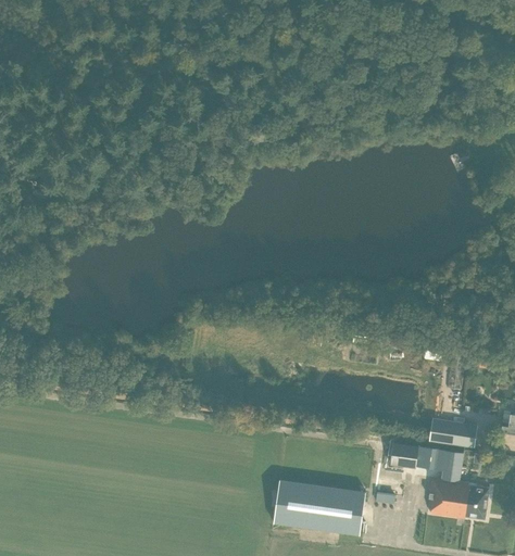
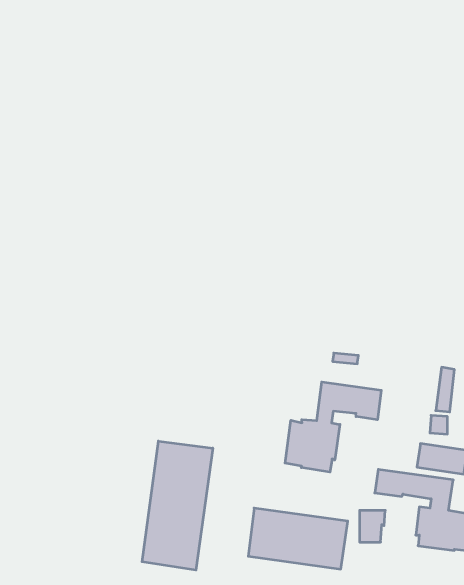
building: none -> [285,382,381,472]
building: none -> [142,441,213,570]

